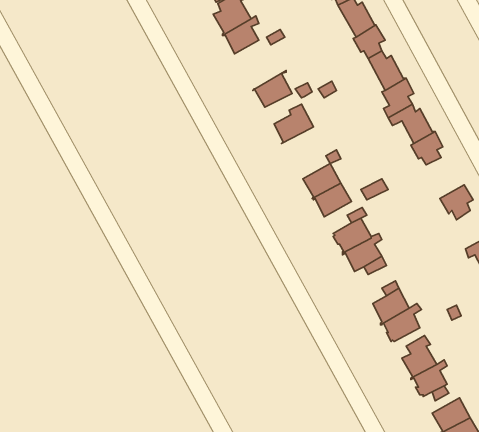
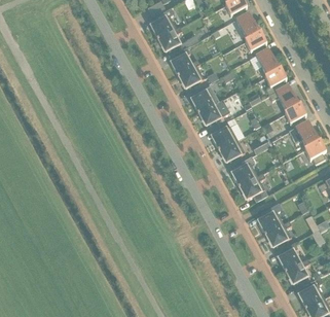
building: none -> [171,45,199,75]
building: none -> [196,98,229,124]
building: none -> [288,120,320,147]

